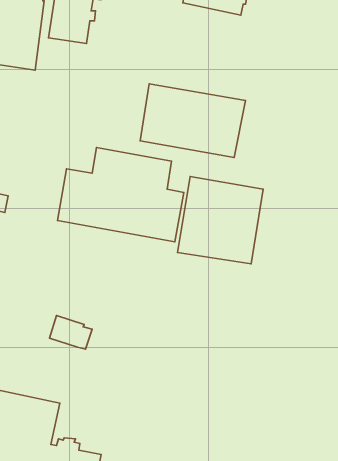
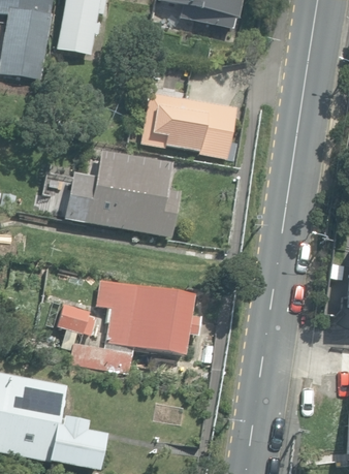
building: [178,176,263,264] -> none
building: none -> [73,279,200,372]

